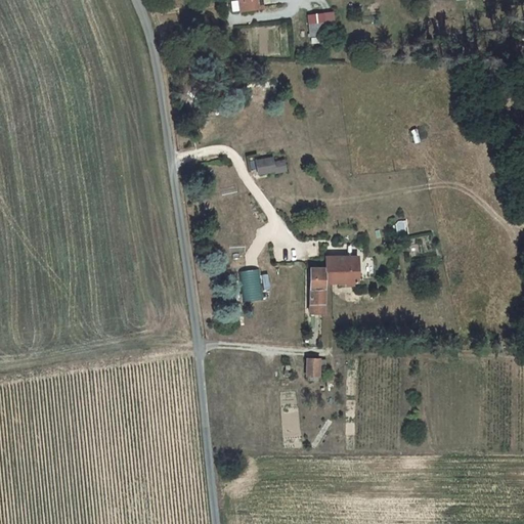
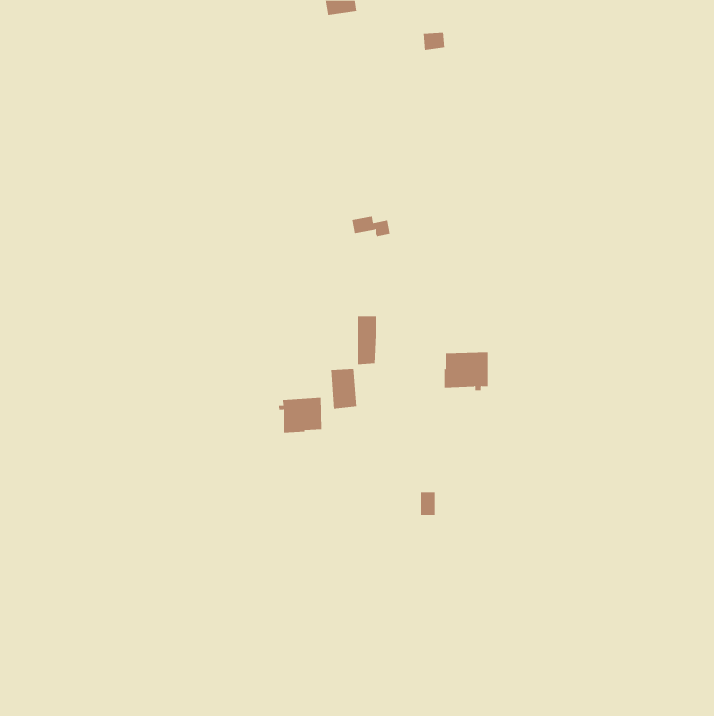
building: [311,269,325,305] -> [357,316,377,365]
building: none -> [278,397,322,434]

